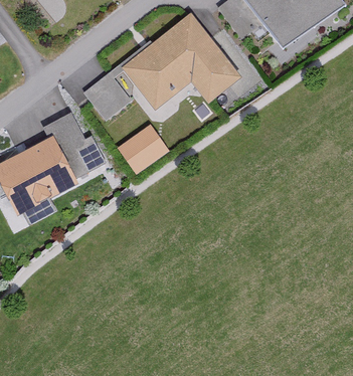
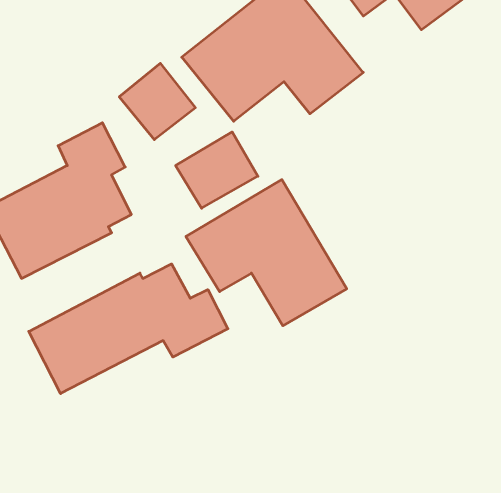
building: none -> [186,180,347,326]
building: none -> [29,264,228,394]

